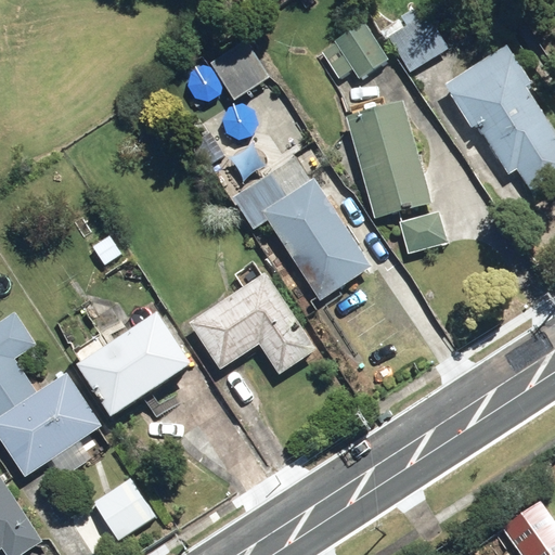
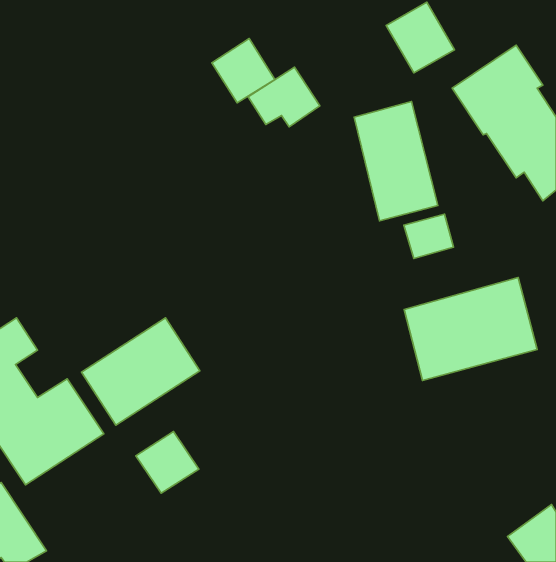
building: [318,21,388,79] -> [248,67,320,127]
building: [232,171,371,299] -> none
building: [190,272,318,375] -> none
building: none -> [404,277,537,381]
building: [91,479,153,540] -> [136,431,199,493]

